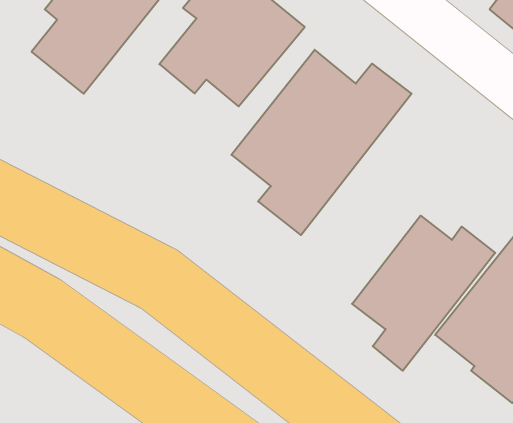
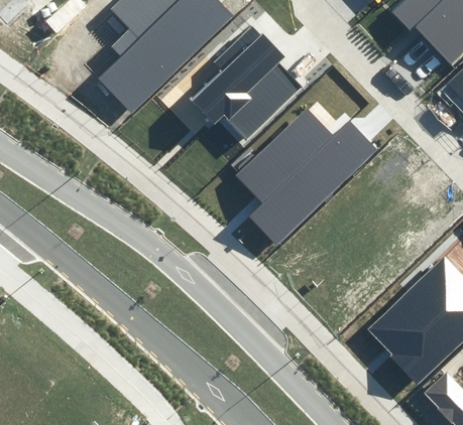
building: [352,216,495,371] -> none

